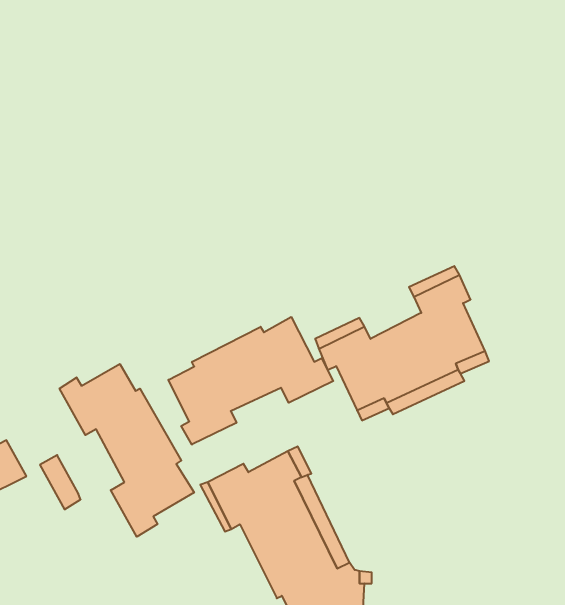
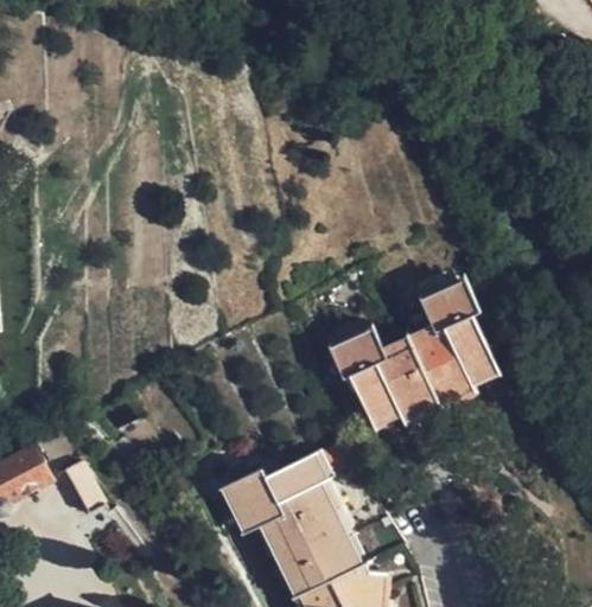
building: [168,317,333,445] -> none
building: [60,364,194,537] -> none

